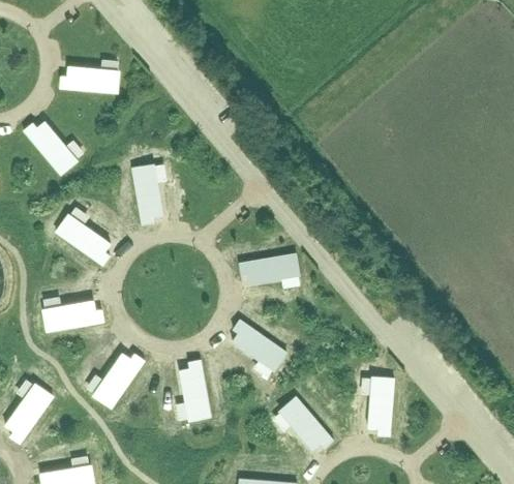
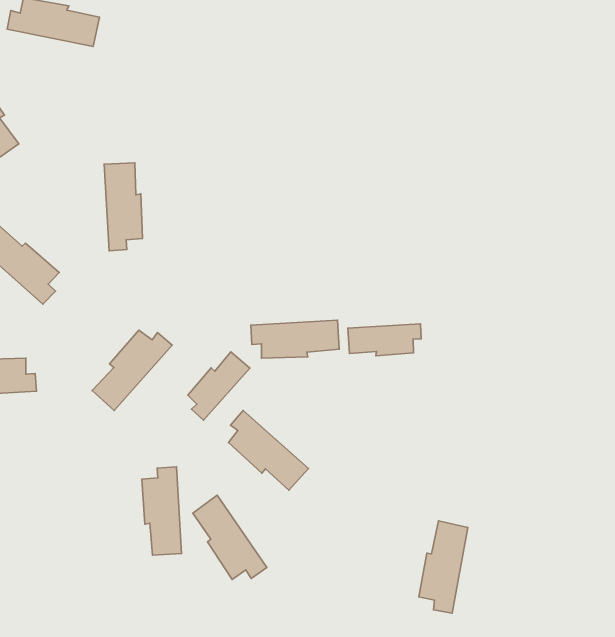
building: none -> [348,324,421,356]
building: none -> [188,352,250,420]
building: [95,354,144,407] -> [92,330,172,411]
building: [282,397,334,451] -> [193,495,267,580]

